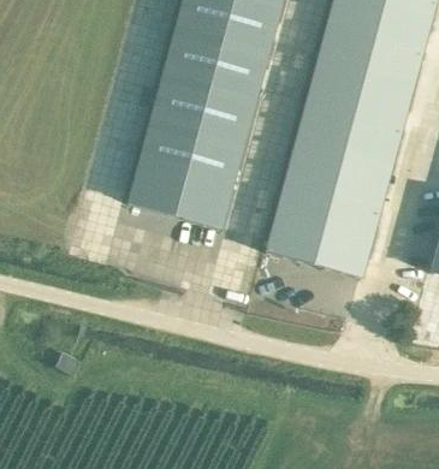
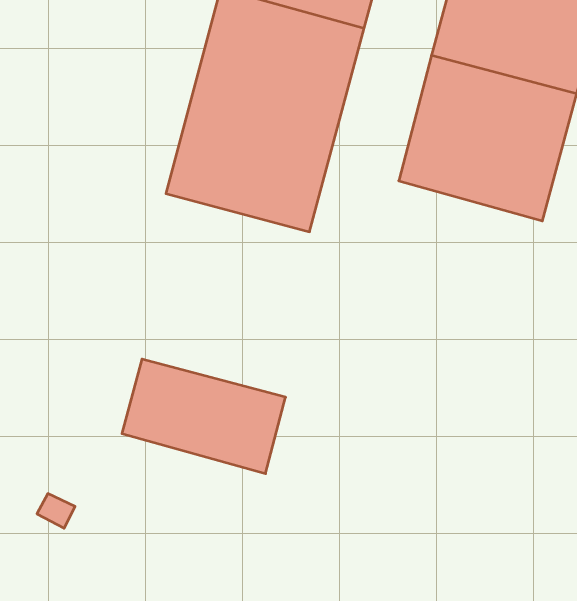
building: [267,144,391,278] -> none
building: [129,153,237,228] -> [122,359,286,474]

